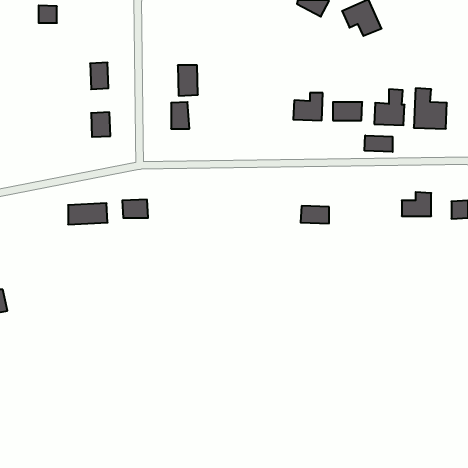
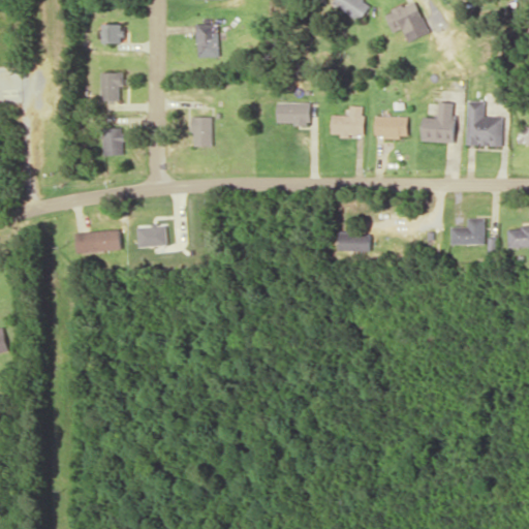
building: [39,5,57,23] -> [101,24,122,43]
building: [178,65,198,96] -> [195,24,218,58]
building: none -> [276,103,309,125]
building: [365,135,393,152] -> none

